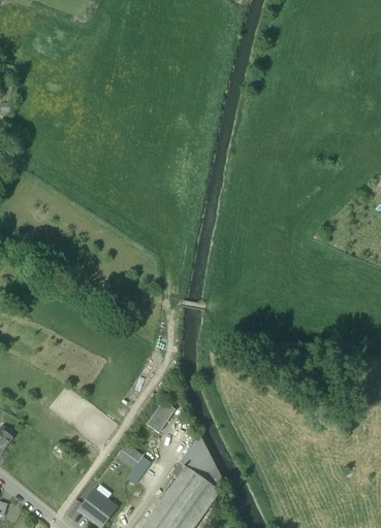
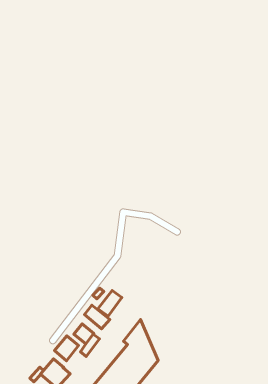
building: none -> [84,305,110,329]
building: none -> [55,336,78,361]

